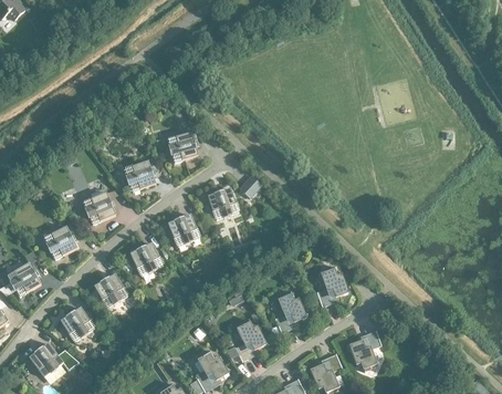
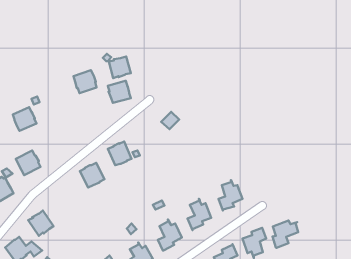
building: none -> [109,56,131,78]
building: [123,160,154,191] -> [74,70,97,93]
building: [206,188,237,219] -> none
building: [82,191,114,224] -> [13,107,37,131]
building: [93,273,126,307] -> none
building: none -> [273,220,298,248]

